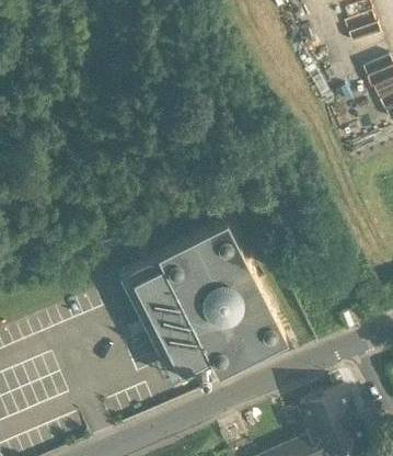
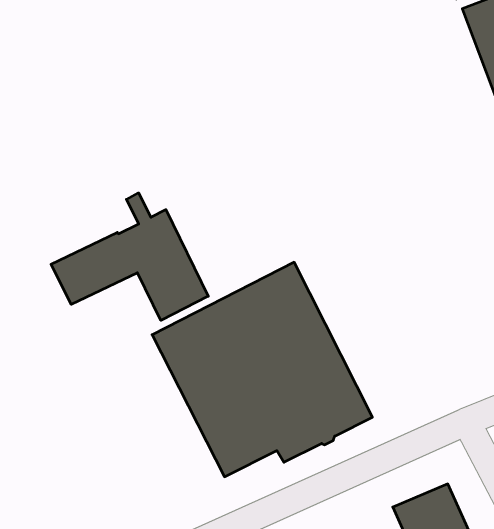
building: none -> [51,193,208,320]

